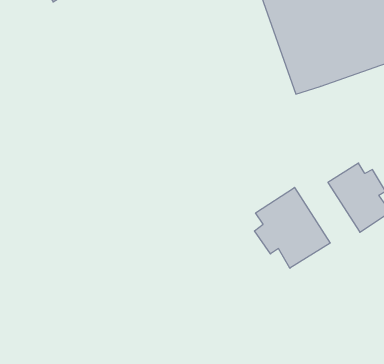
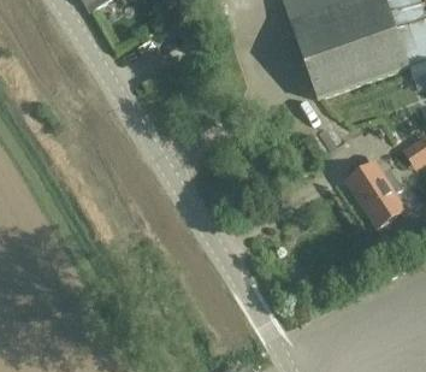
building: [254,187,330,268] -> none

